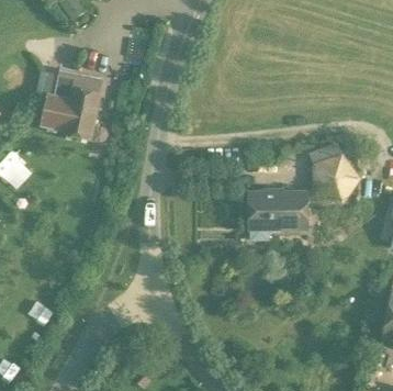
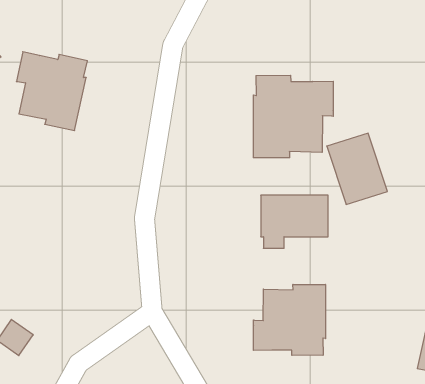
building: none -> [253,75,333,158]
building: none -> [253,284,326,355]

